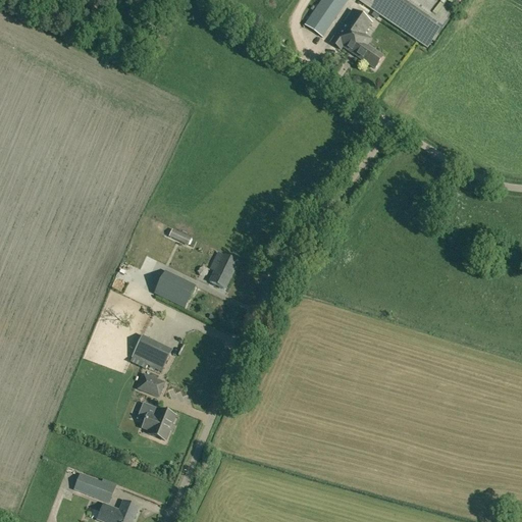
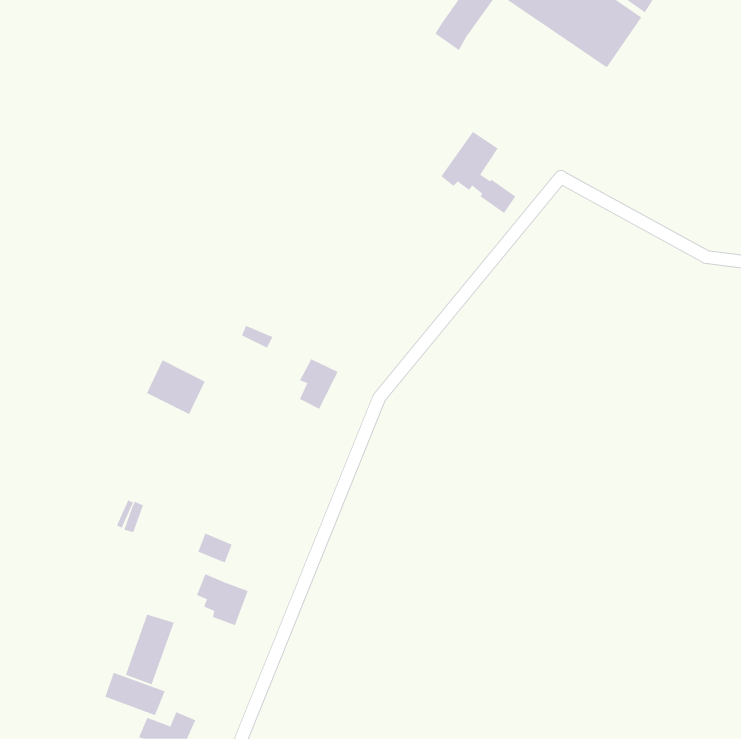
building: [331,9,384,67] -> [441,131,516,214]
building: [155,269,197,308] -> [146,360,206,415]
building: [127,334,171,369] -> none
building: none -> [125,614,175,685]

